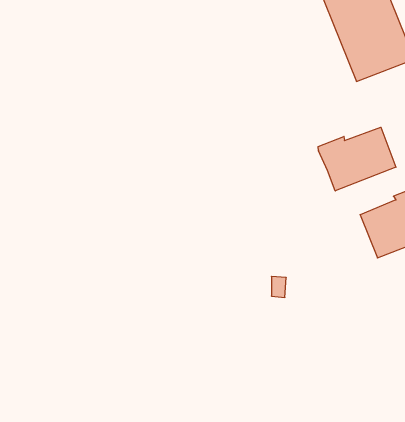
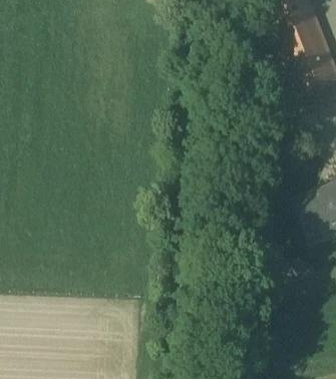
building: [318,127,396,191] -> none

